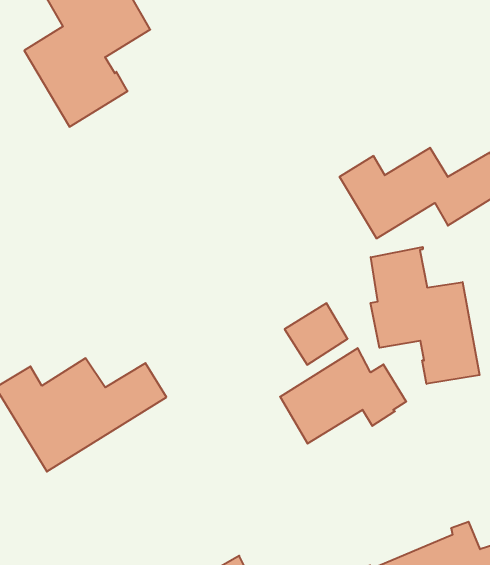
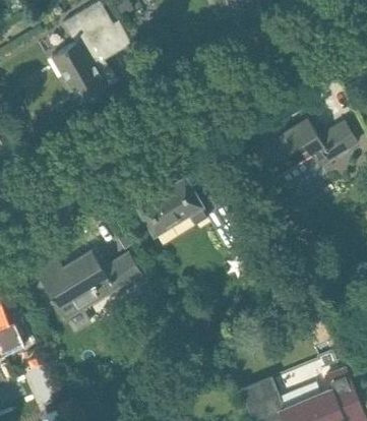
building: [371,247,480,384] -> none
building: [280,348,406,444] -> [136,175,216,235]

